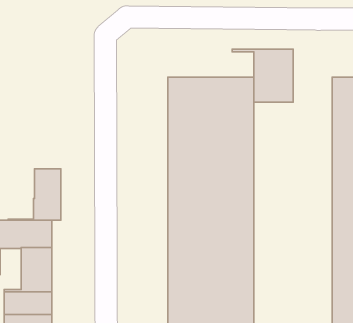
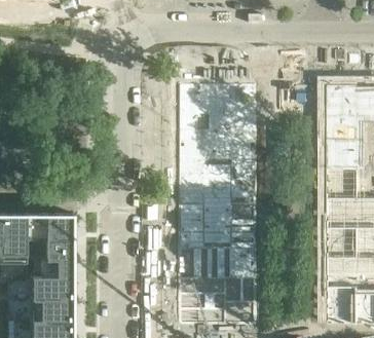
building: [232,49,293,102] -> none
building: [8,169,61,220] -> none

